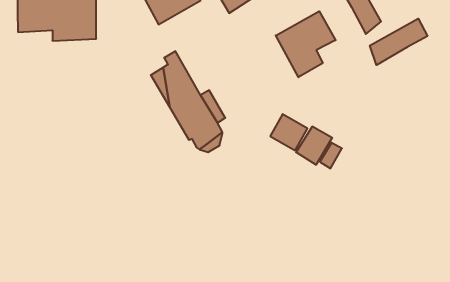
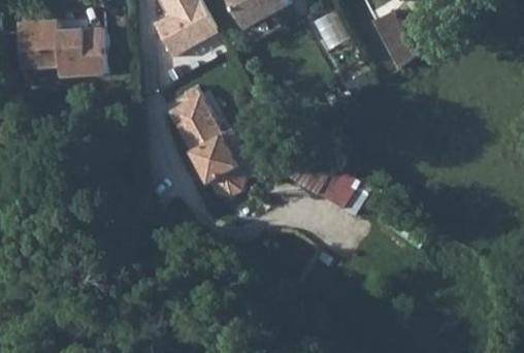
building: [276,11,336,77] -> none
building: [370,19,427,65] -> none

